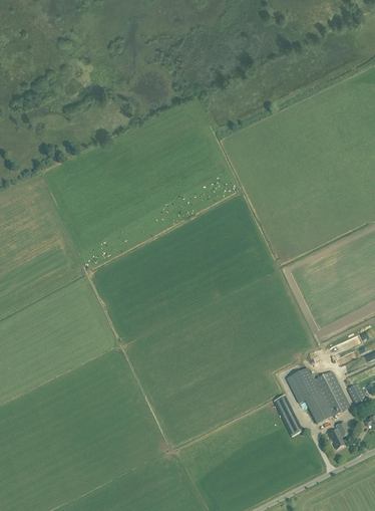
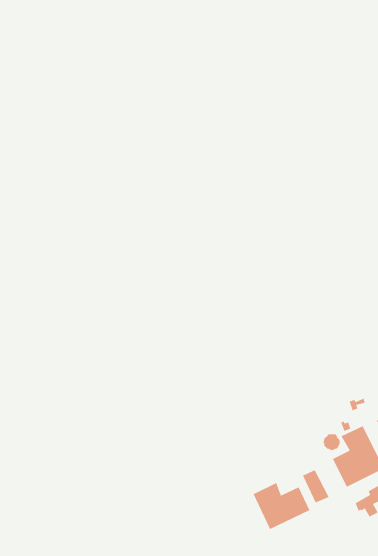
building: none -> [253,482,310,530]

